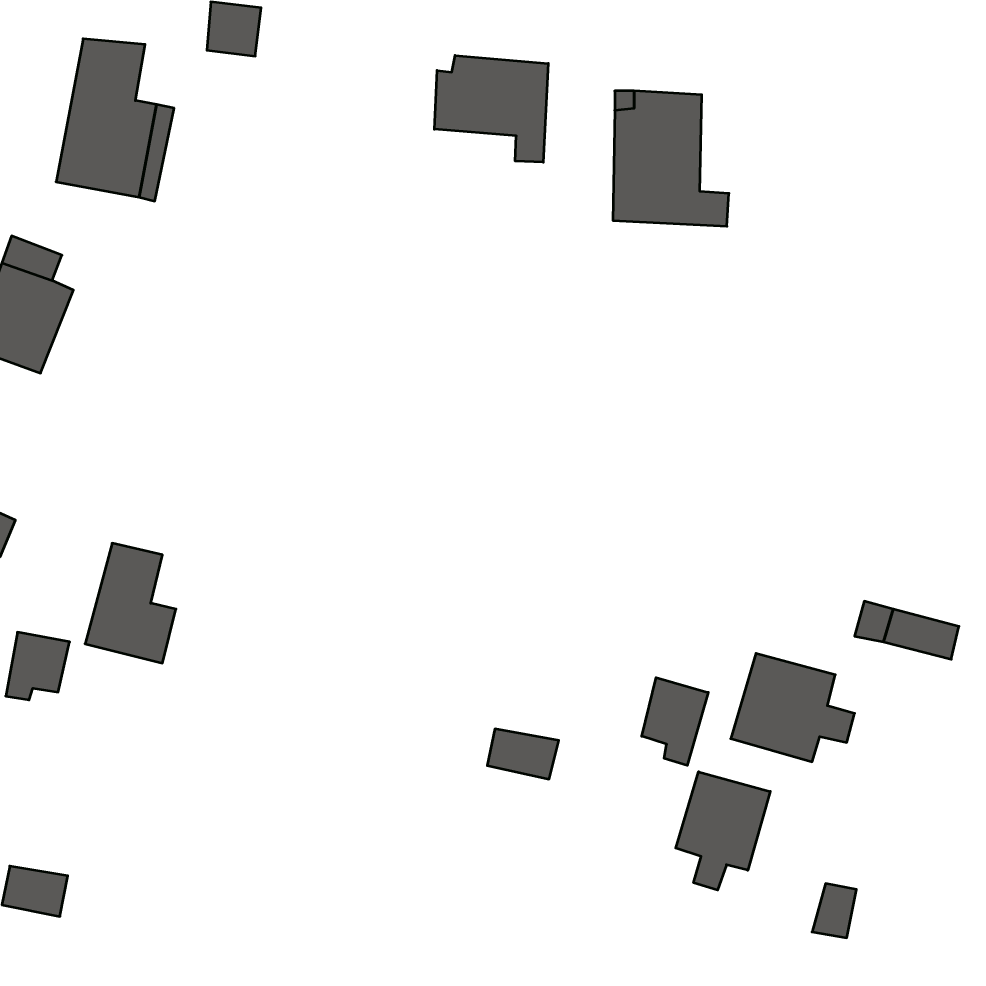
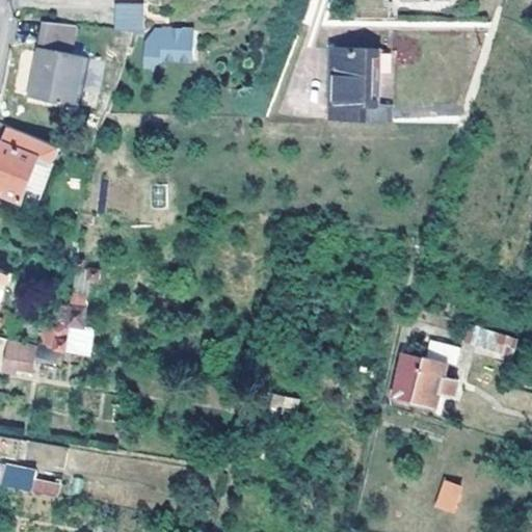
building: none -> [141,28,192,64]
building: [434,55,548,162] -> none
building: [642,678,708,765] -> none
building: [676,772,770,890] -> none

